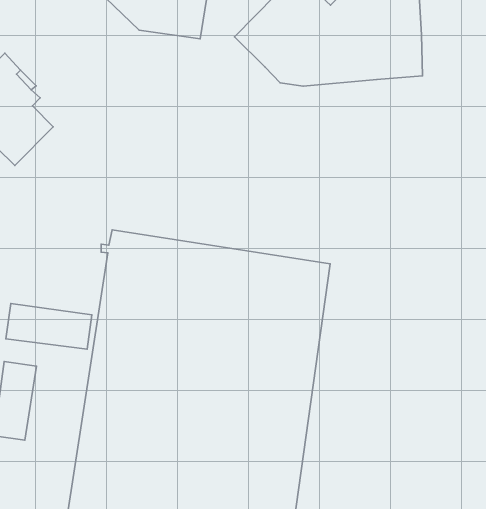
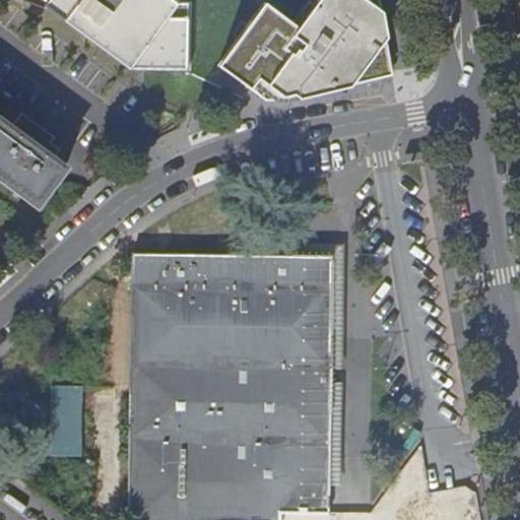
building: [6,303,92,349] -> none

